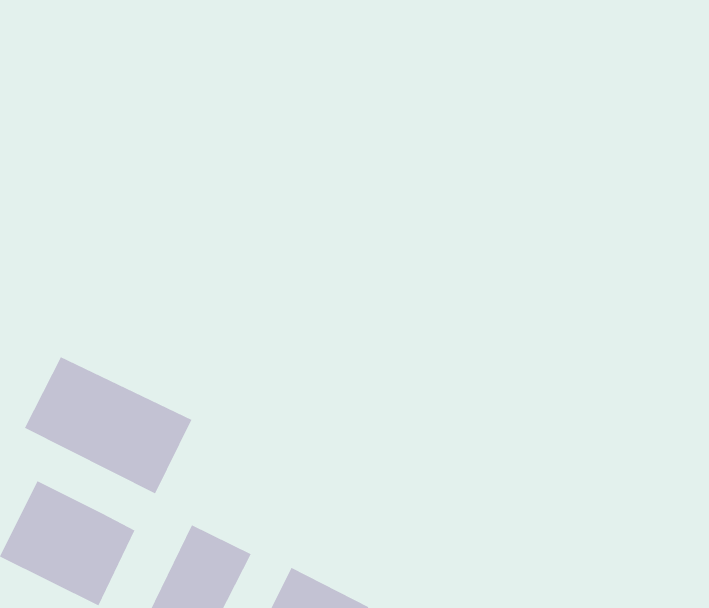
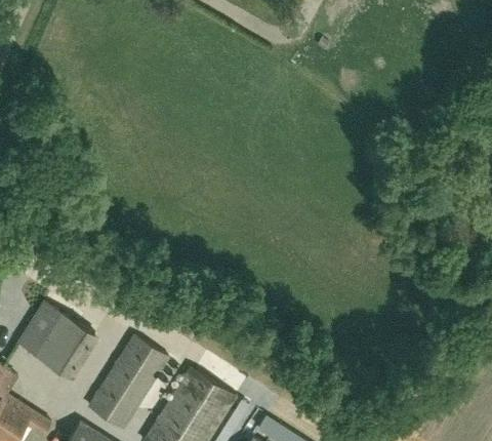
building: [24,356,193,495] -> none

